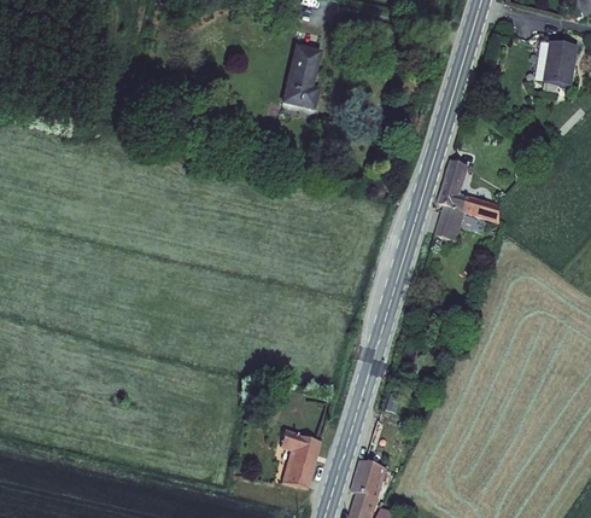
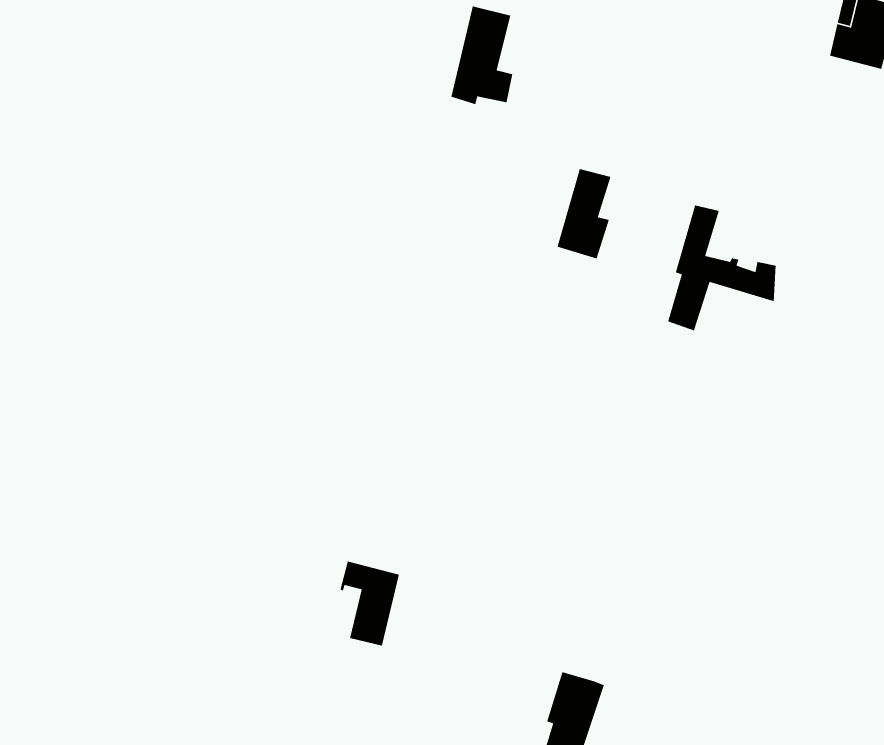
building: none -> [557,168,611,260]
building: [282,425,320,478] -> [339,561,400,646]

